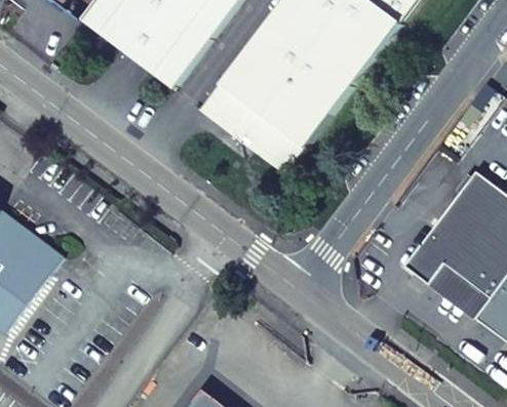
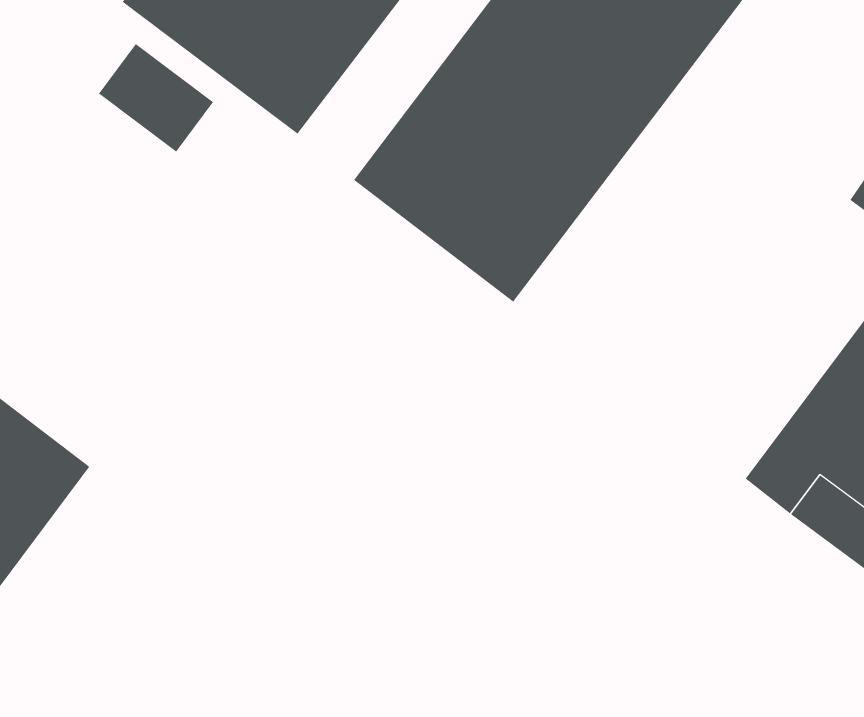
building: none -> [98,43,214,153]

